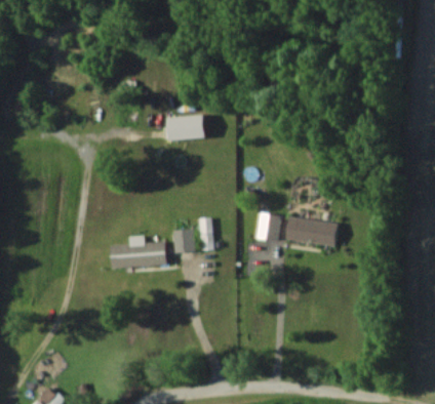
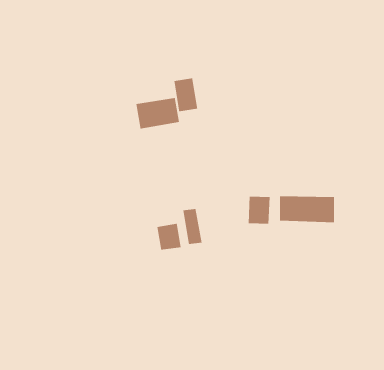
building: none -> [174,78,198,112]
building: [111,237,166,268] -> none

